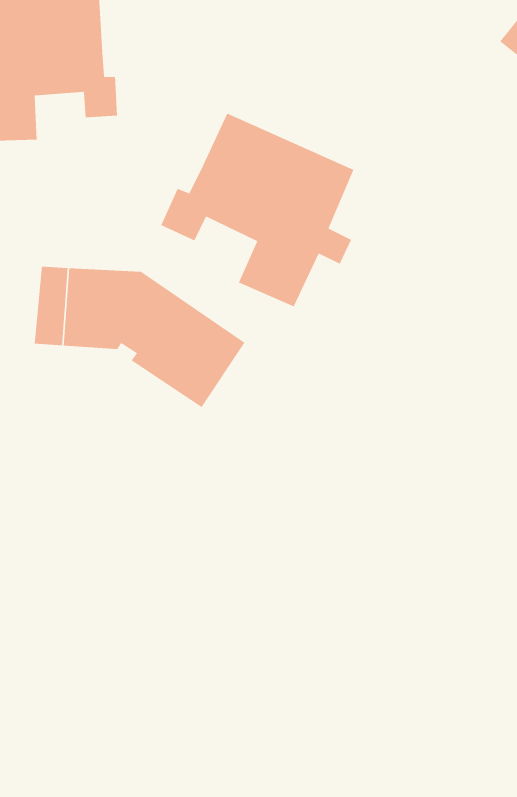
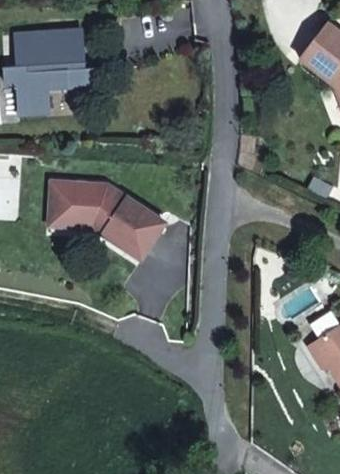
building: [160,112,354,307] -> none

